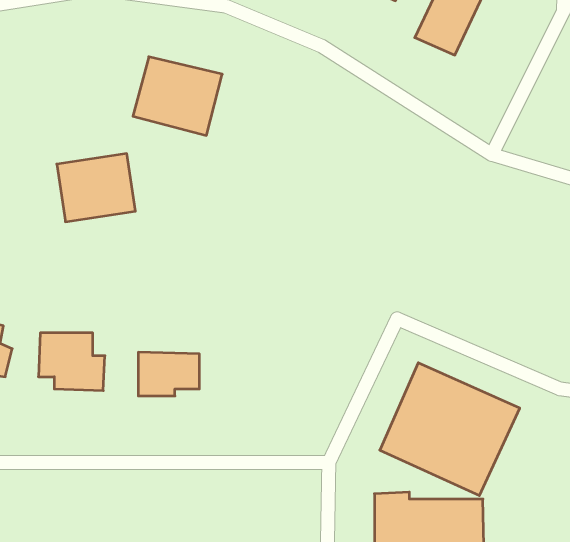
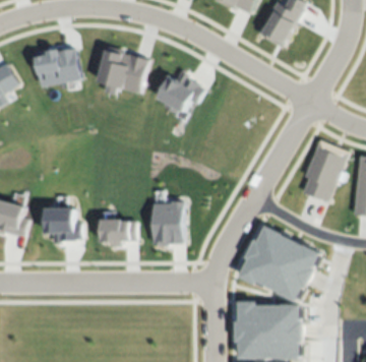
building: none -> [157,73,204,113]
building: [57,154,135,222] -> [34,47,79,86]
building: none -> [300,140,346,202]
building: none -> [150,202,184,246]

